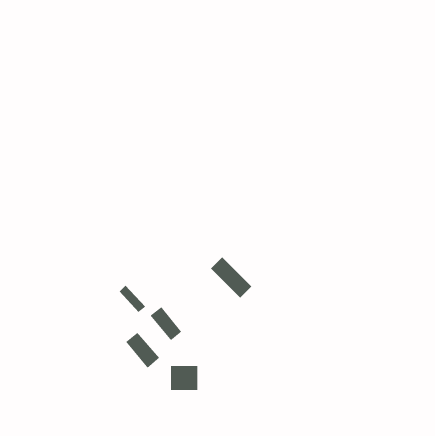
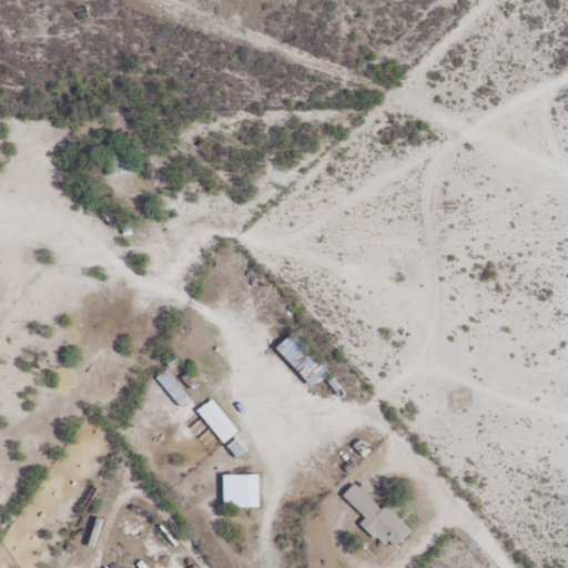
building: [125,332,160,369] -> none
building: none -> [343,480,409,546]

